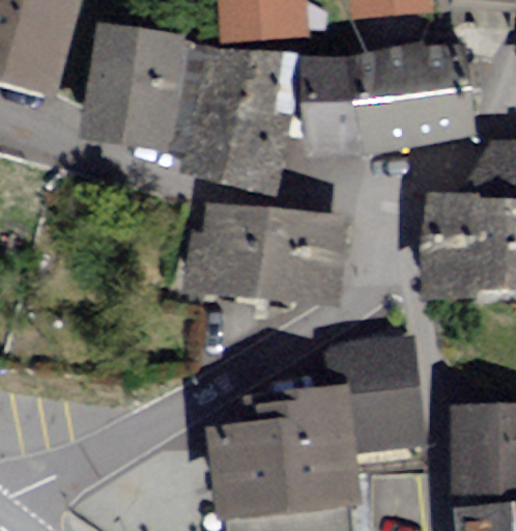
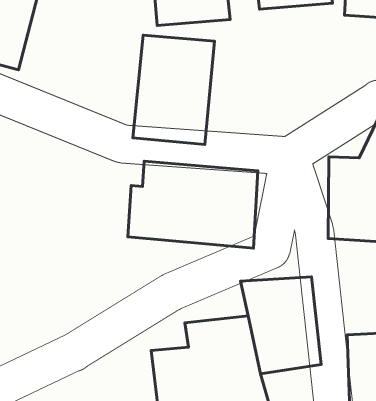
building: [87,27,187,133] -> none
building: [307,46,470,150] -> none

